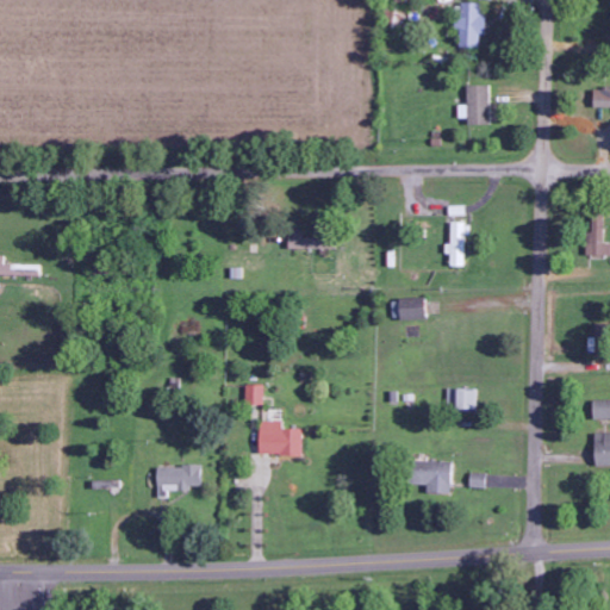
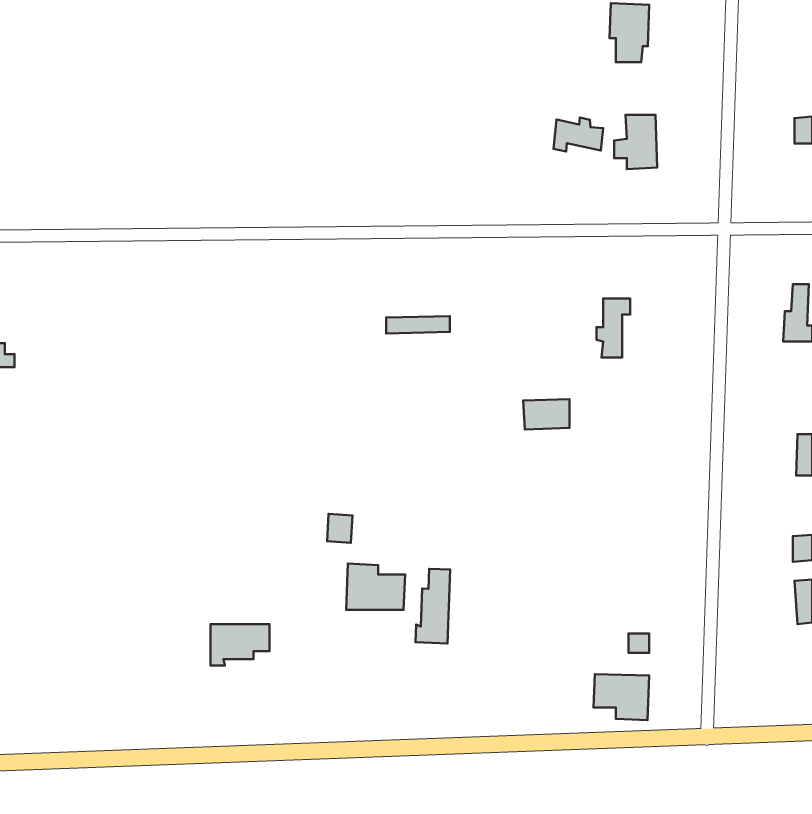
building: none -> [553,118,603,152]
building: [446,387,477,410] -> none
building: none -> [415,569,450,643]
building: [410,460,452,494] -> [593,674,649,720]

